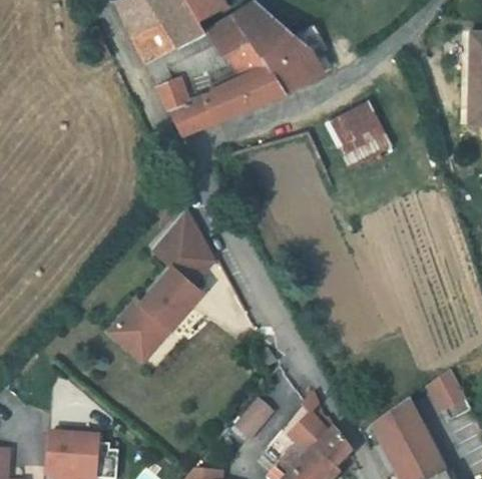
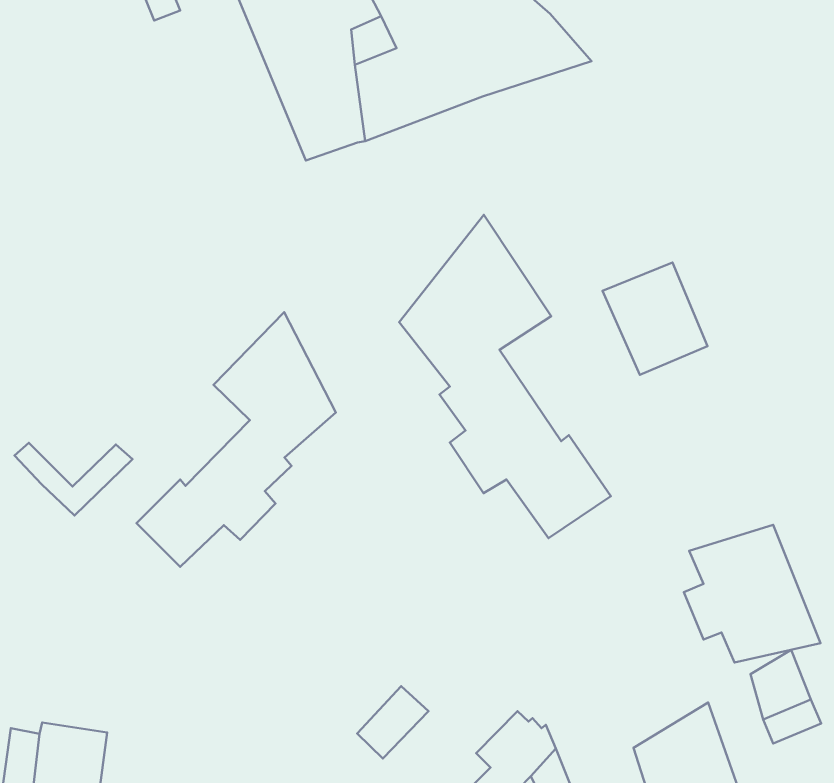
building: [339,111,395,170] -> [603,263,708,375]
building: none -> [399,215,611,538]
building: none -> [684,525,821,662]
building: [104,323,165,361] -> [14,443,132,516]

